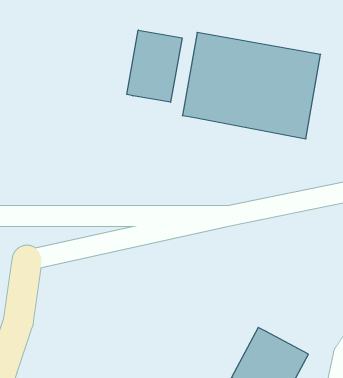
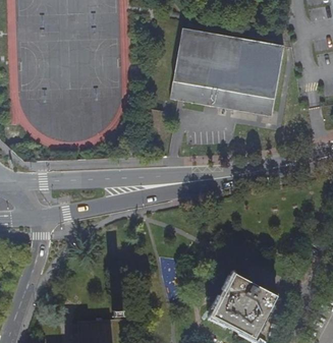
building: [127,30,182,102] -> none

